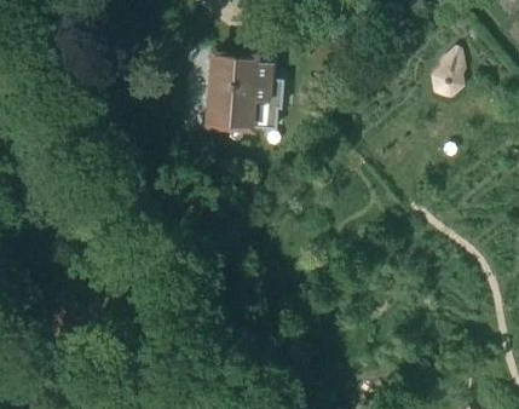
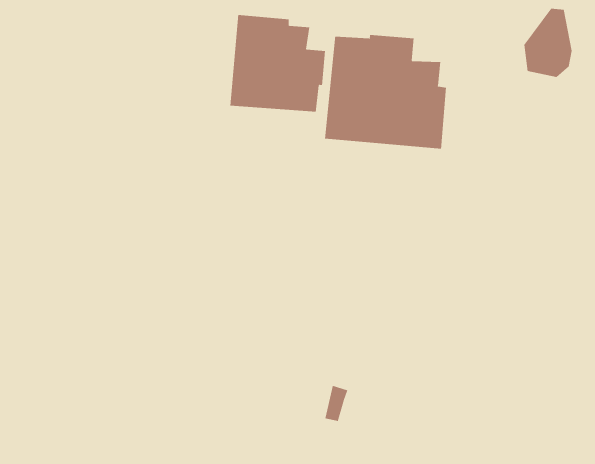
building: none -> [324,34,446,149]

